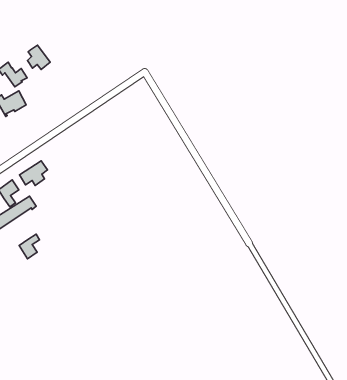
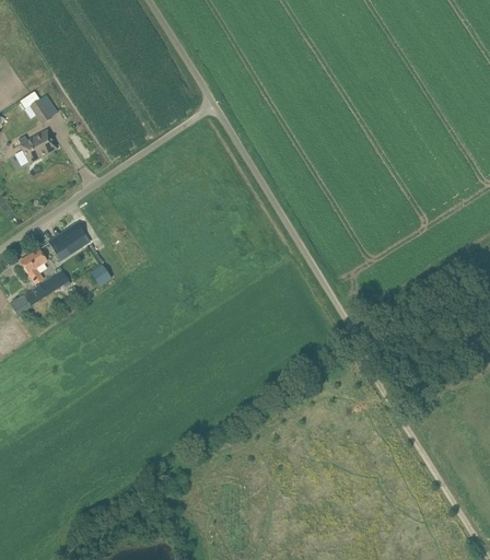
building: [27,45,50,69] -> none
building: [19,234,40,259] -> none

